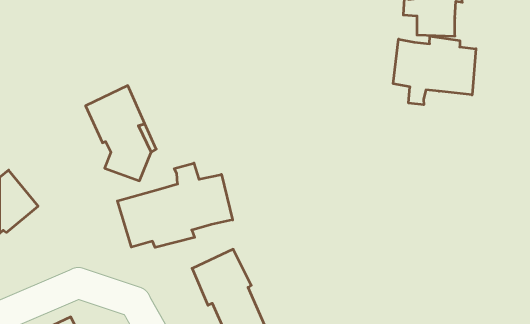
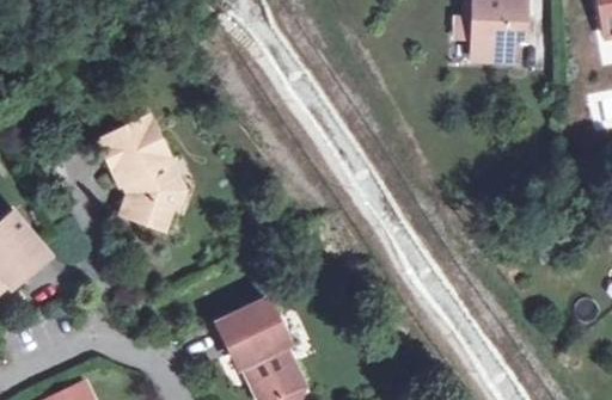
building: [393,36,476,105] -> none
building: [117,163,233,247] -> none

